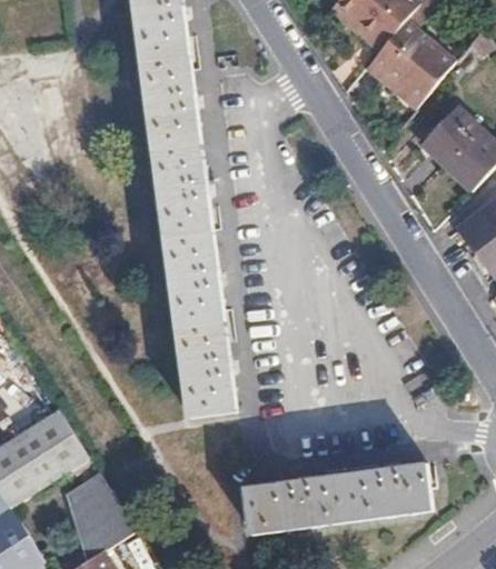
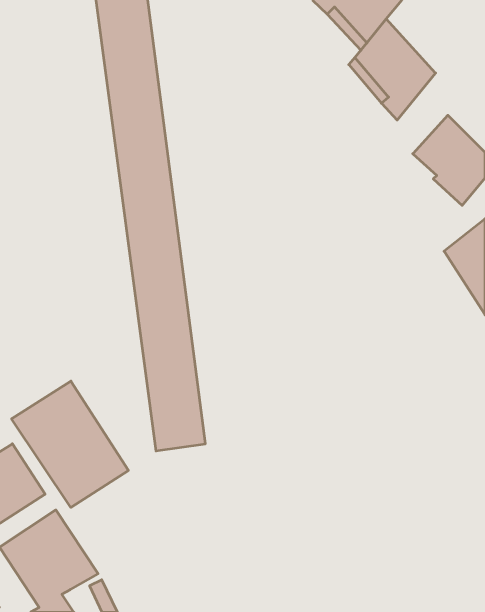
building: none -> [12,381,128,507]
building: [245,463,430,533] -> none

